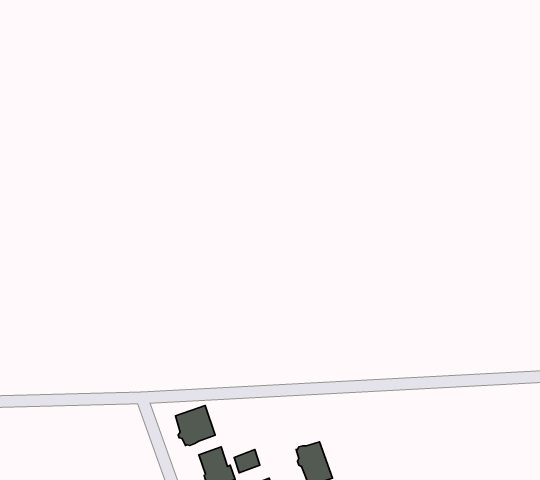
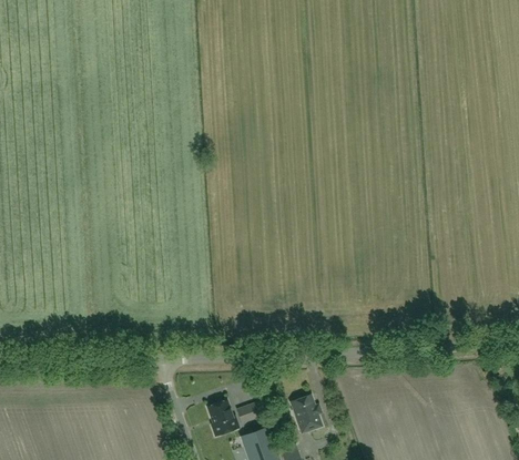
building: [176,405,215,446] -> none

